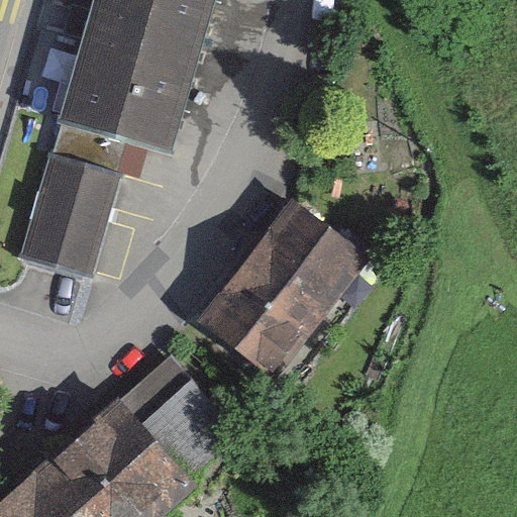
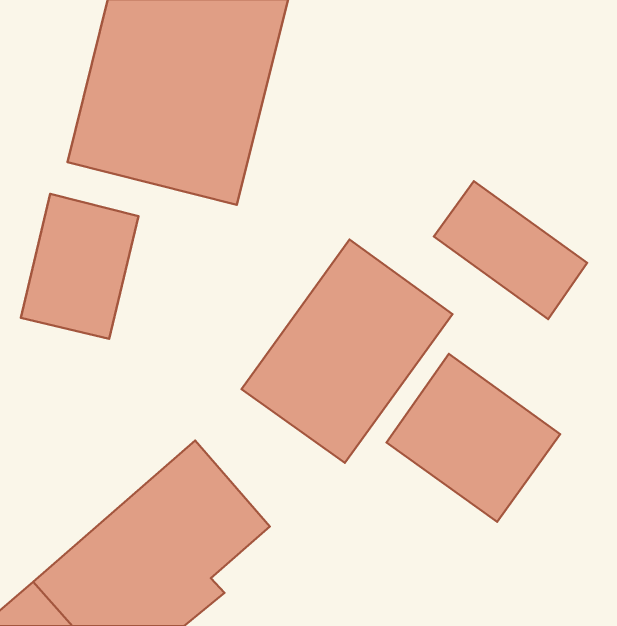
building: none -> [434,181,587,319]
building: none -> [386,354,560,522]

